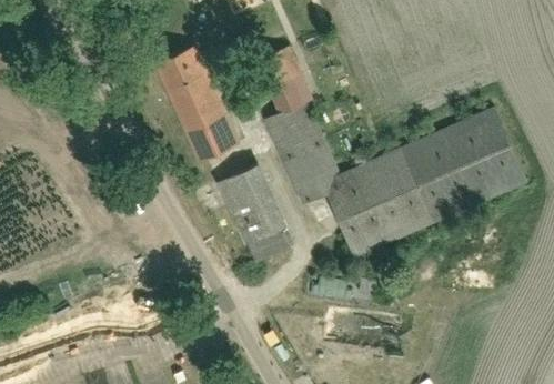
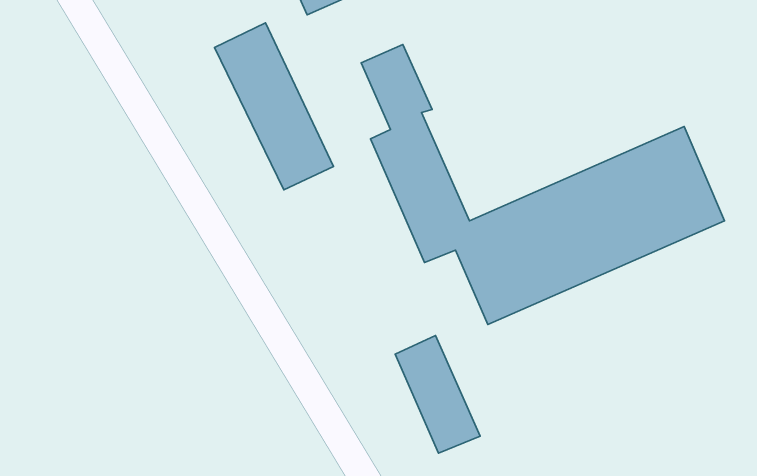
building: [223,169,284,253] -> [395,336,480,453]

